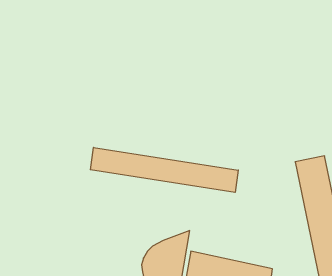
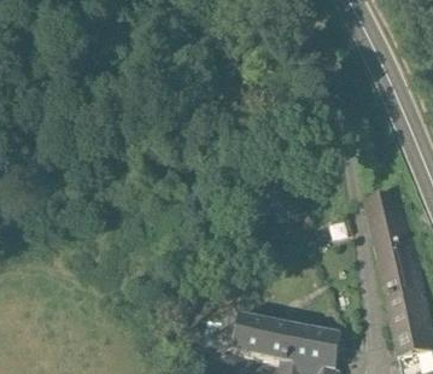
building: [90,147,238,192] -> none

